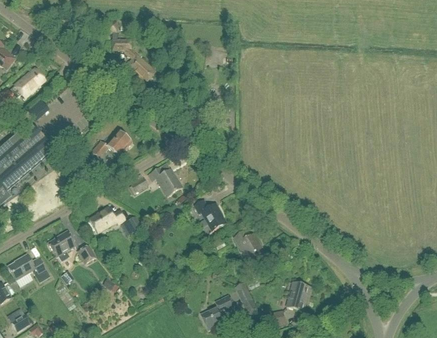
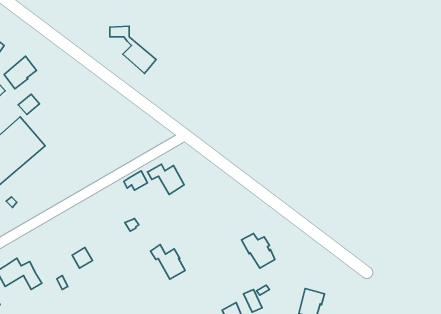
building: [92,131,131,158] -> none
building: [194,199,226,231] -> [151,245,185,279]
building: [89,206,125,232] -> none
building: [47,230,75,261] -> none

